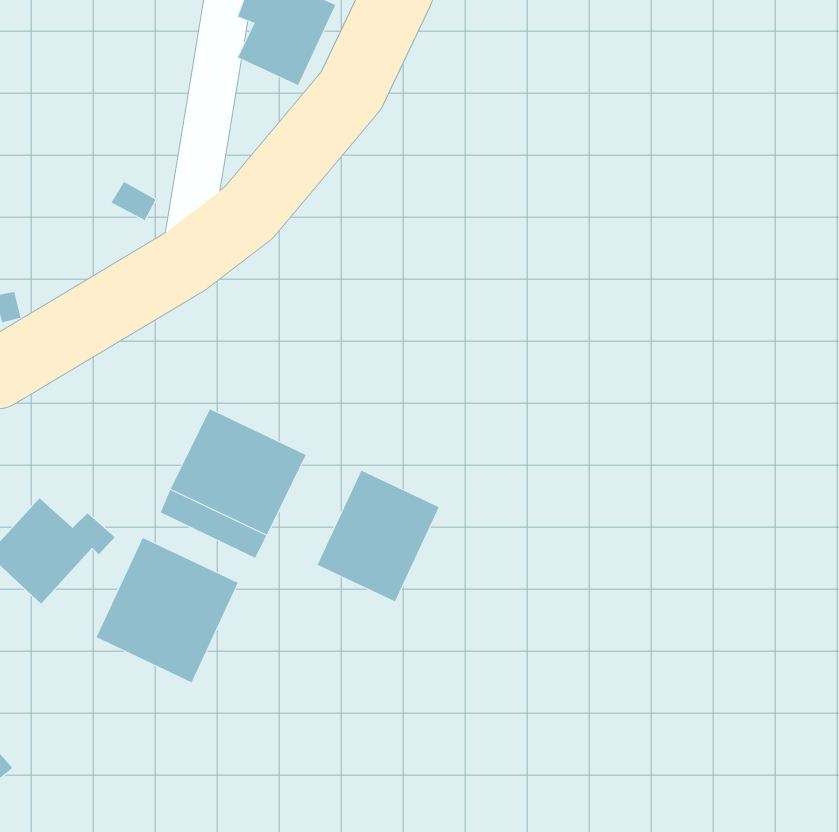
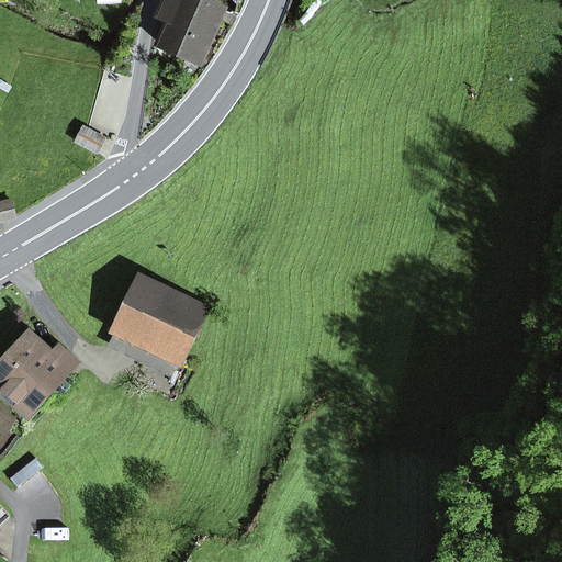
building: [317,470,440,602] -> none
building: [96,537,238,683] -> none

